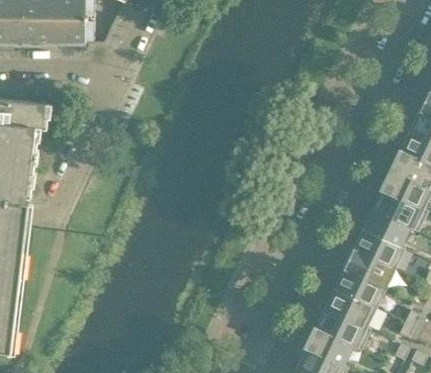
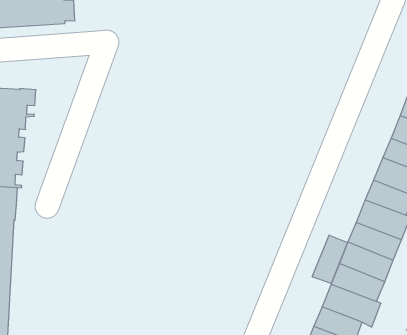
building: none -> [312,235,348,284]

